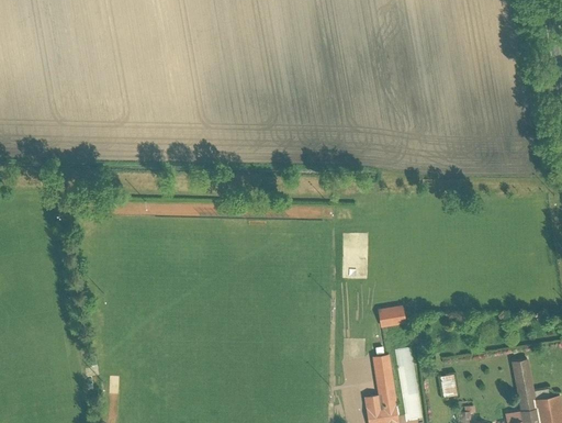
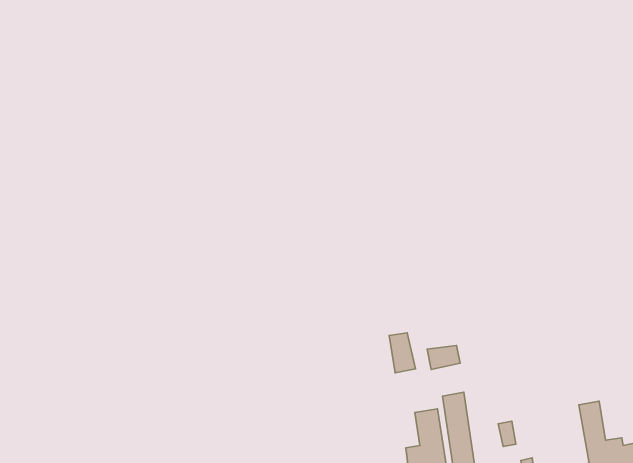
building: none -> [389,333,416,373]

